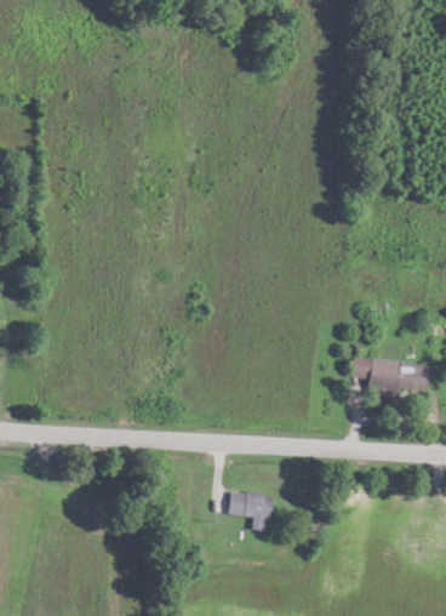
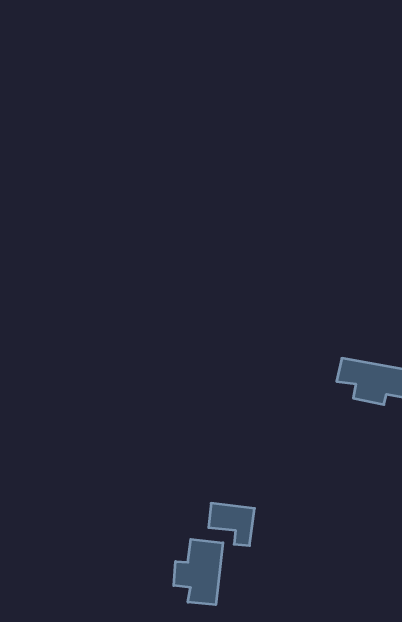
building: none -> [174,539,223,605]

